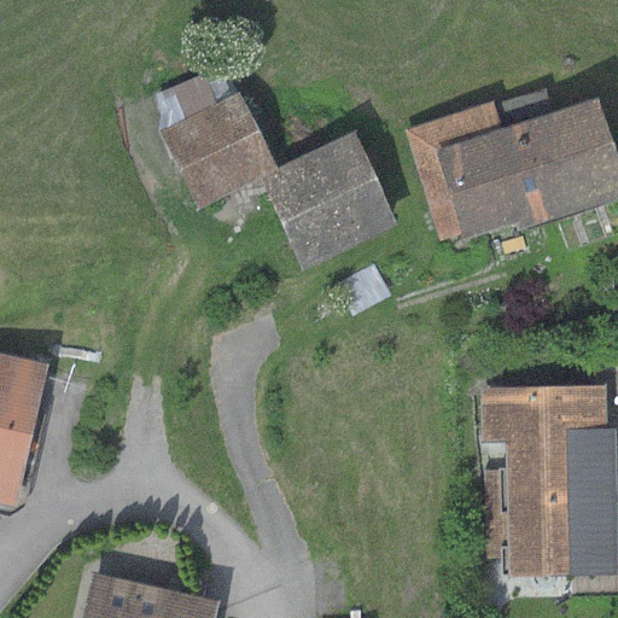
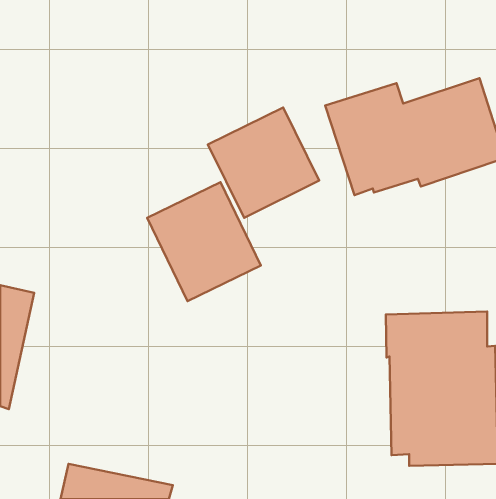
building: [161,94,278,209] -> none
building: none -> [147,182,261,301]

